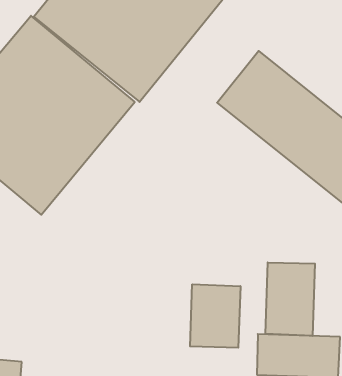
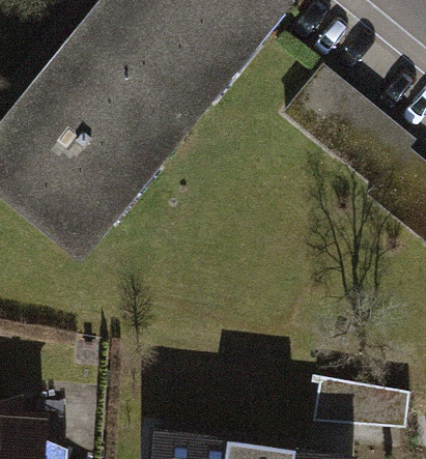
building: [265,262,315,336] -> none
building: [190,284,240,348] -> none

